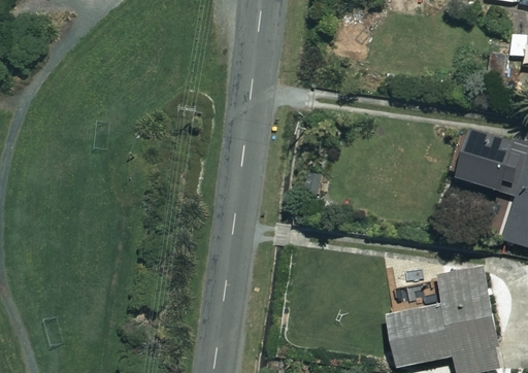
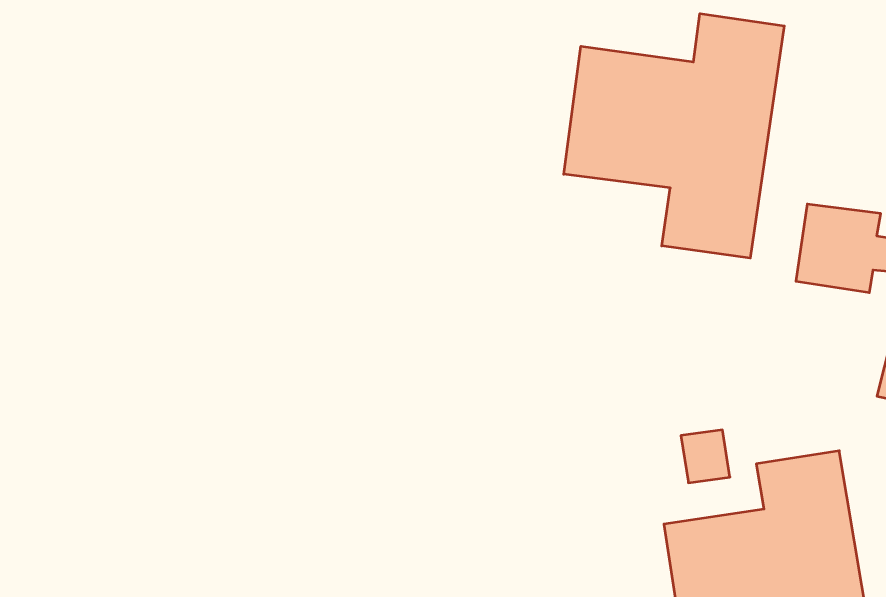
building: none -> [564,14,784,258]

